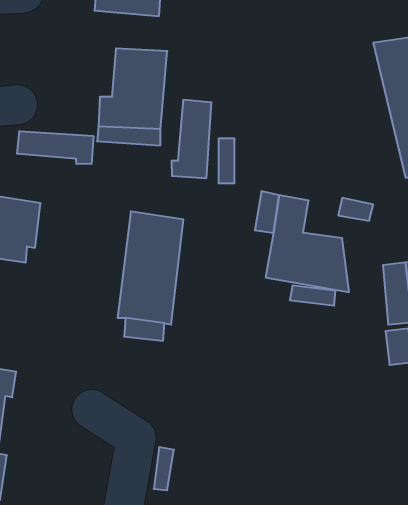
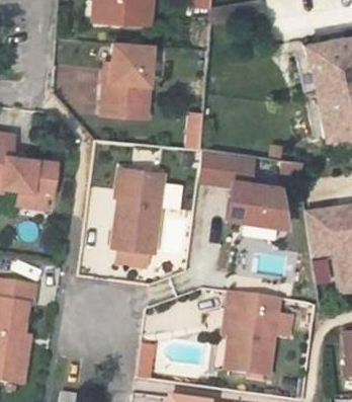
building: [172,100,211,178] -> none
building: [17,131,93,164] -> none
building: none -> [225,293,284,378]

